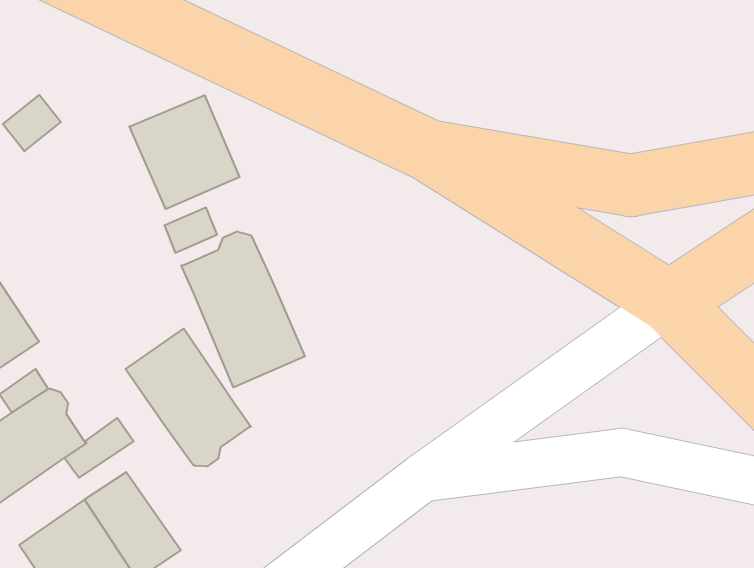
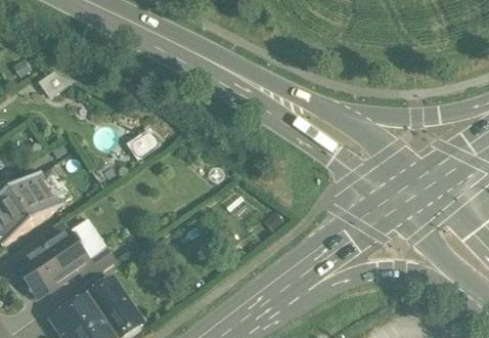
building: [129,95,240,209] -> none
building: [181,231,305,387] -> none
building: [126,329,251,467] -> none

